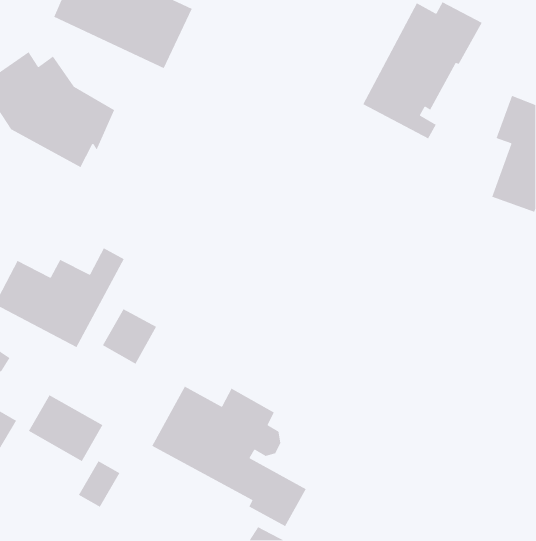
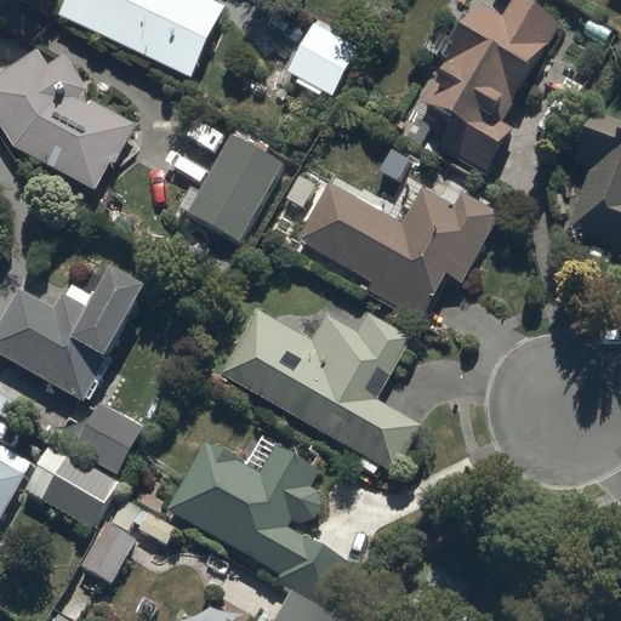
building: none -> [285,27,347,91]
building: none -> [186,133,279,238]
building: none -> [300,186,488,314]
building: none -> [228,314,416,465]
building: [102,308,157,365] -> [79,405,142,469]

